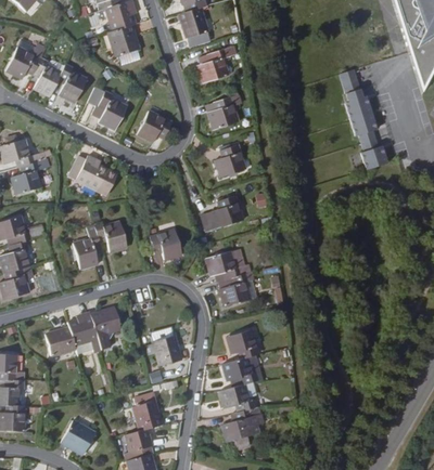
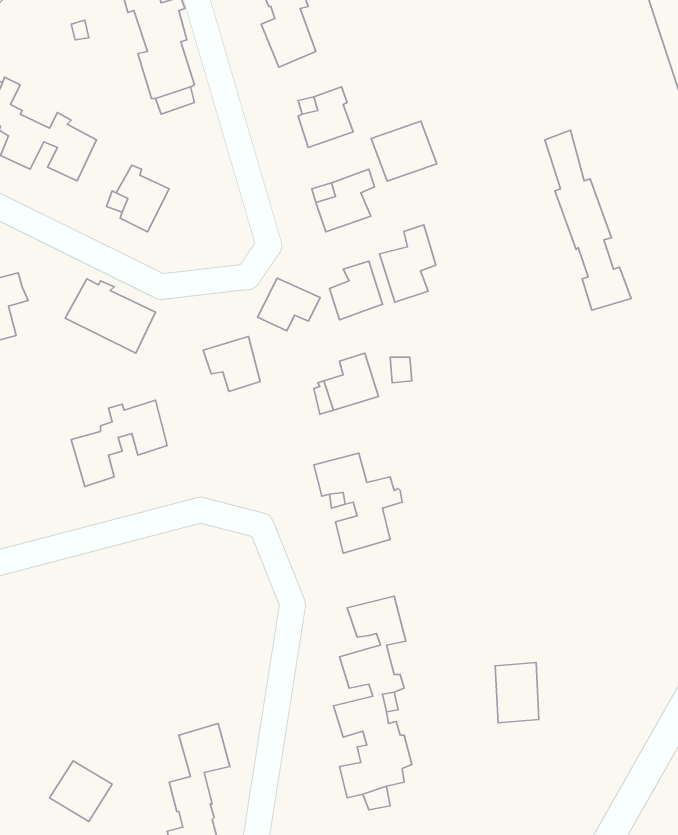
building: none -> [371,121,437,181]
building: [138,112,173,141] -> [257,278,320,331]
building: none -> [379,225,436,302]
building: [150,230,181,260] -> [203,337,260,391]
building: [44,308,122,355] -> none
building: [153,336,181,366] -> none
building: none -> [495,663,539,723]

